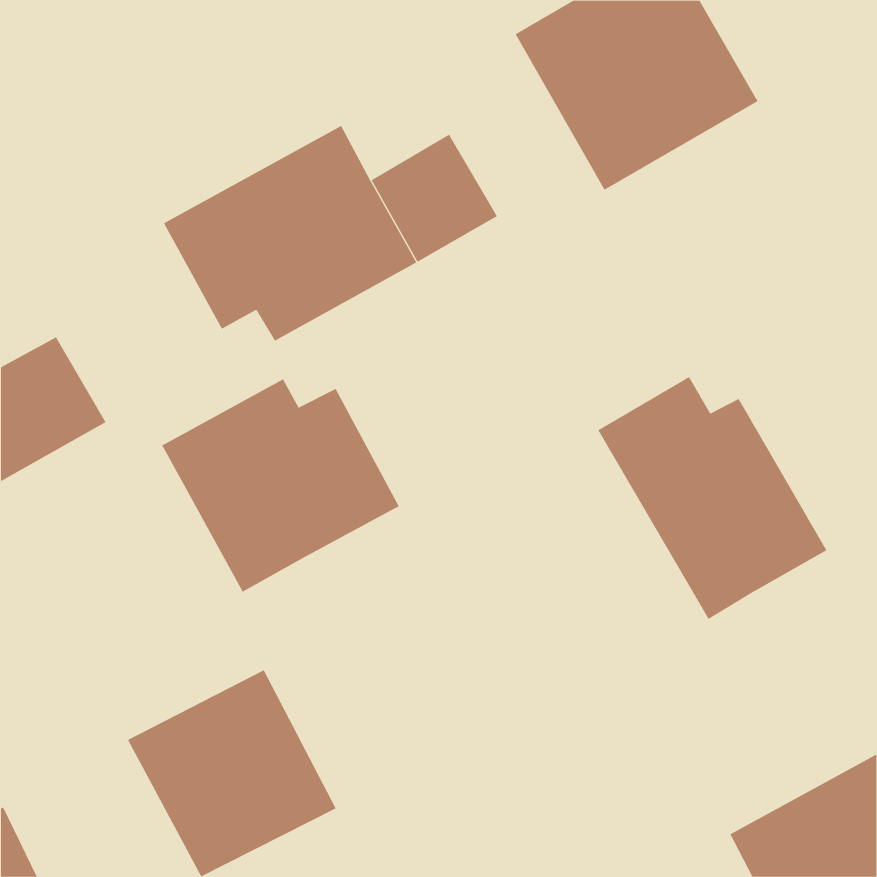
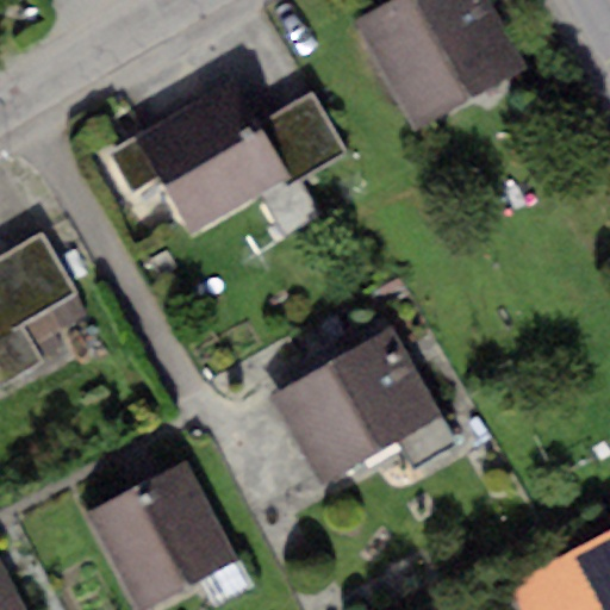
building: [597,376,827,620] -> none
building: [162,378,400,592] -> none
building: none -> [270,326,460,479]

